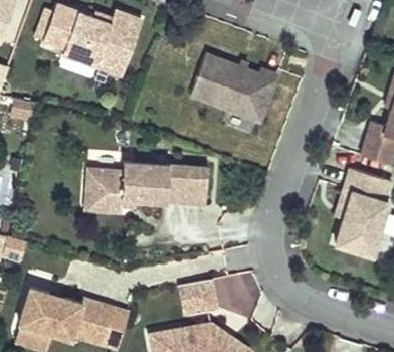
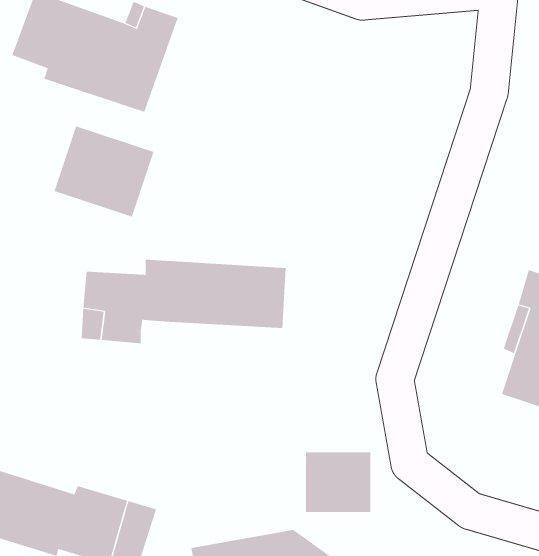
building: [191,55,277,122] -> none
building: none -> [54,125,154,218]
building: [179,281,215,315] -> none

